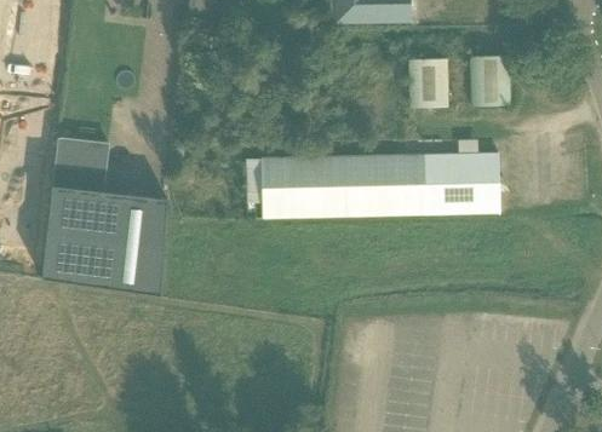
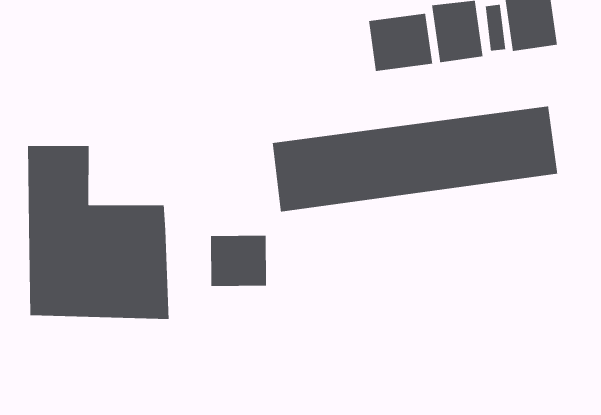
building: none -> [368,13,433,72]
building: none -> [210,235,267,287]

